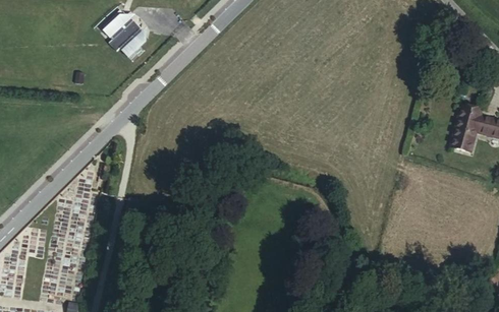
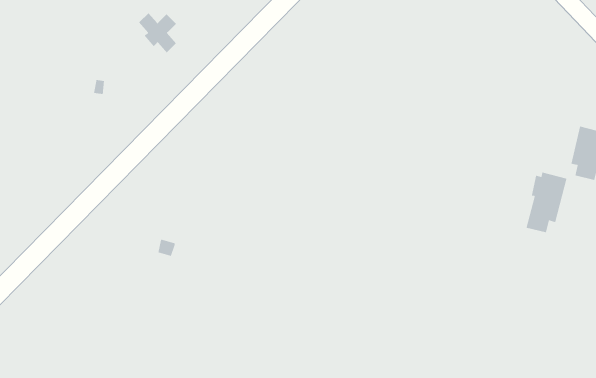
building: none -> [526,172,568,233]

